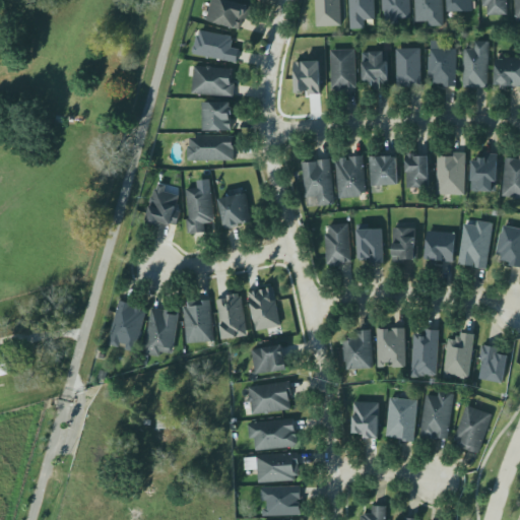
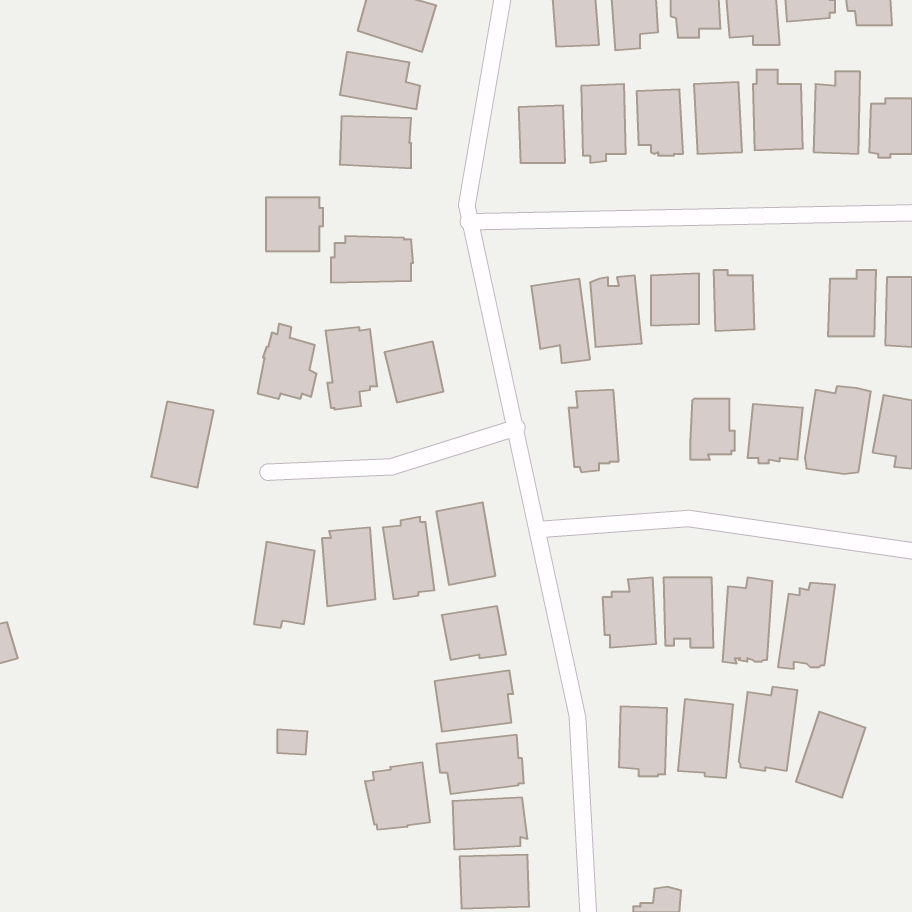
building: [201,101,234,131] -> [266,197,323,251]
building: [436,151,465,194] -> none
building: [356,223,383,261] -> none
building: [109,302,144,350] -> [151,402,214,487]
building: [477,344,508,382] -> none
building: none -> [365,762,430,830]

